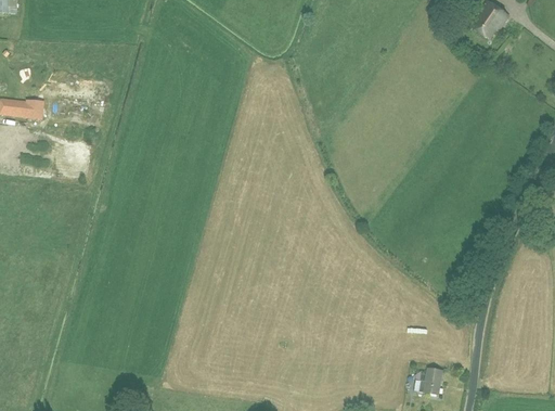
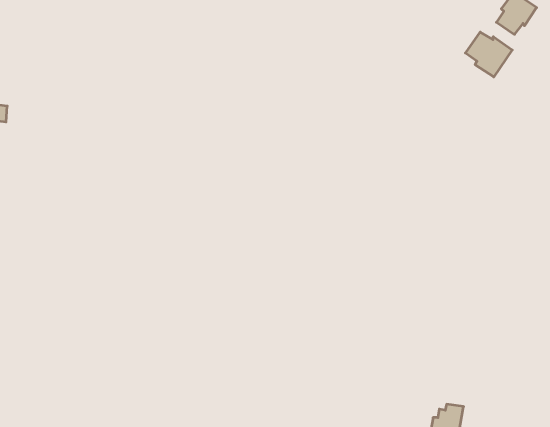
building: none -> [465,32,512,77]

